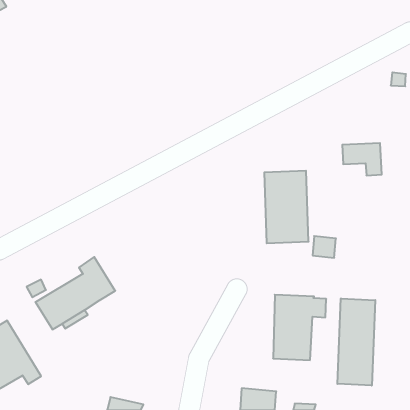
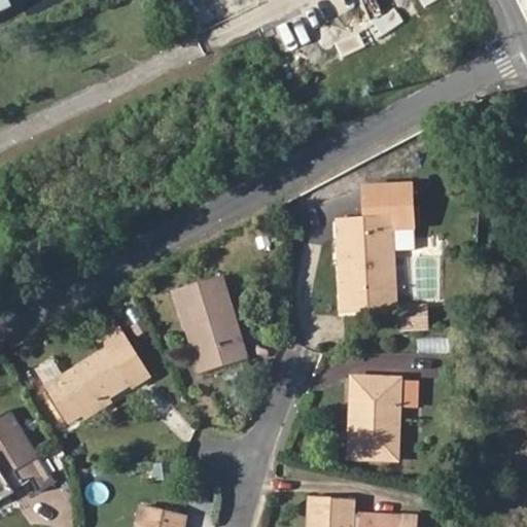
building: [342,143,382,175] -> [368,184,419,225]
building: none -> [174,276,245,373]
building: [337,298,375,386] -> none

